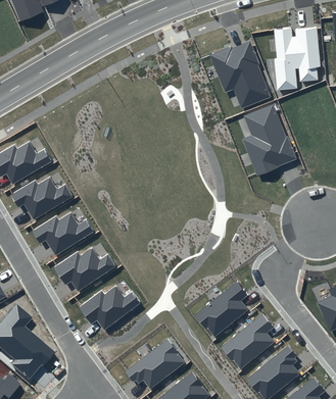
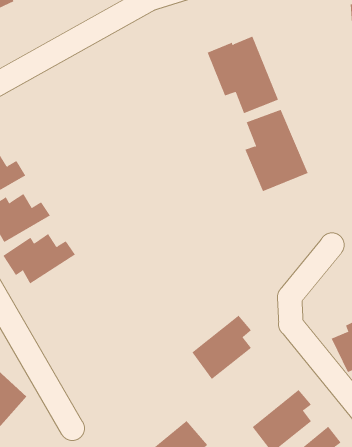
building: [273,27,320,90] -> none
building: [53,248,115,292] -> none
building: [78,286,141,331] -> none
building: [221,314,273,369] -> none
building: [125,340,184,389] -> none

